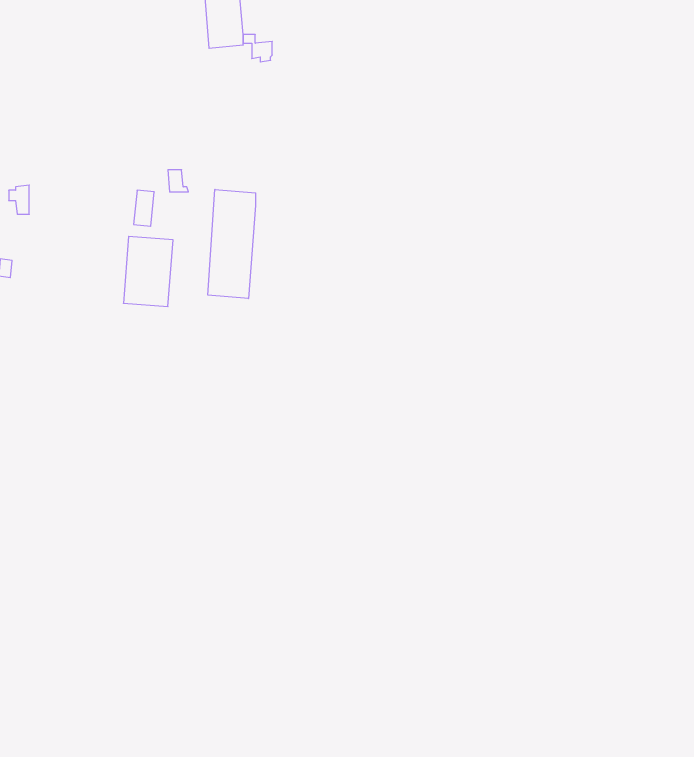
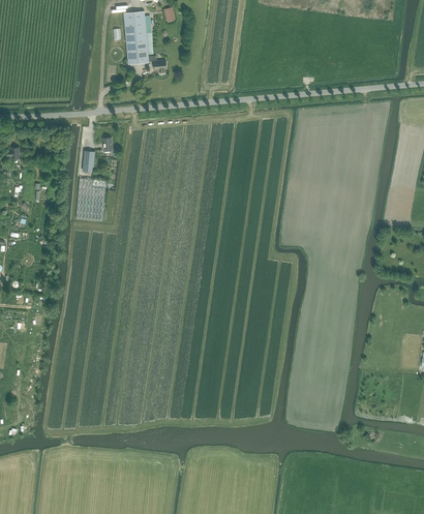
building: [208,189,256,299] -> none

